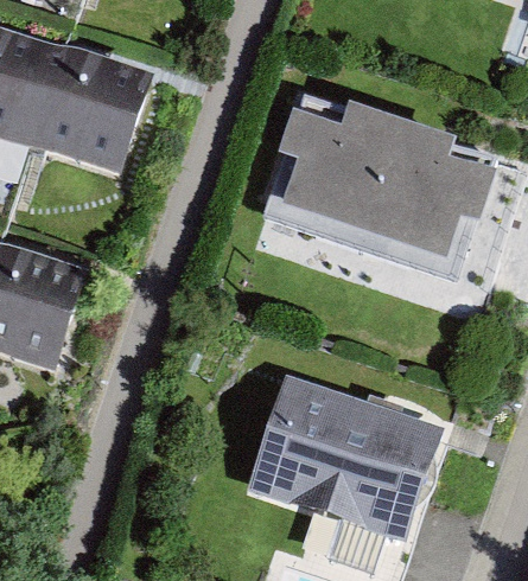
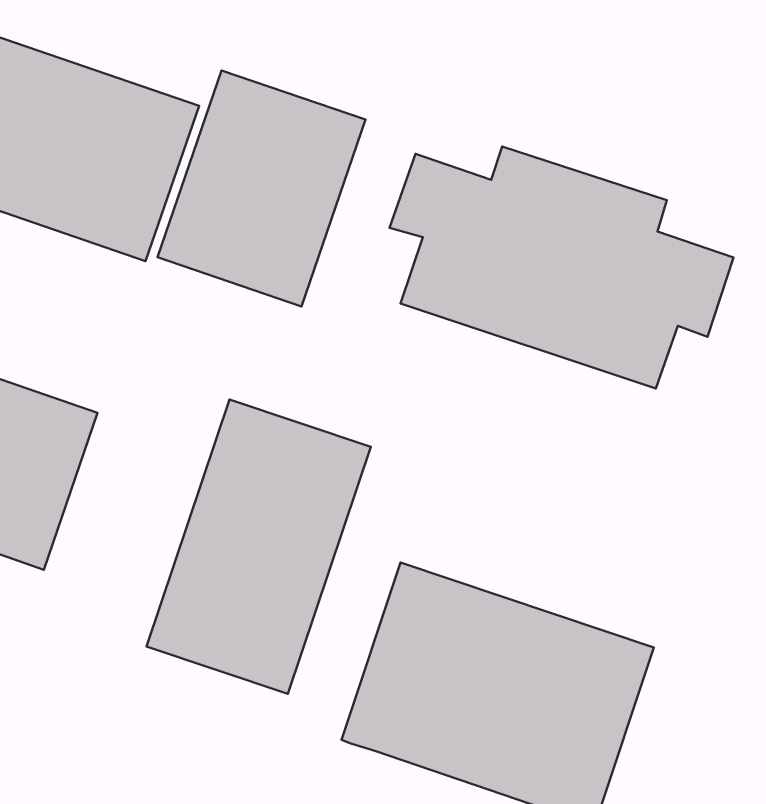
building: none -> [157,70,366,306]
building: none -> [146,400,371,694]

